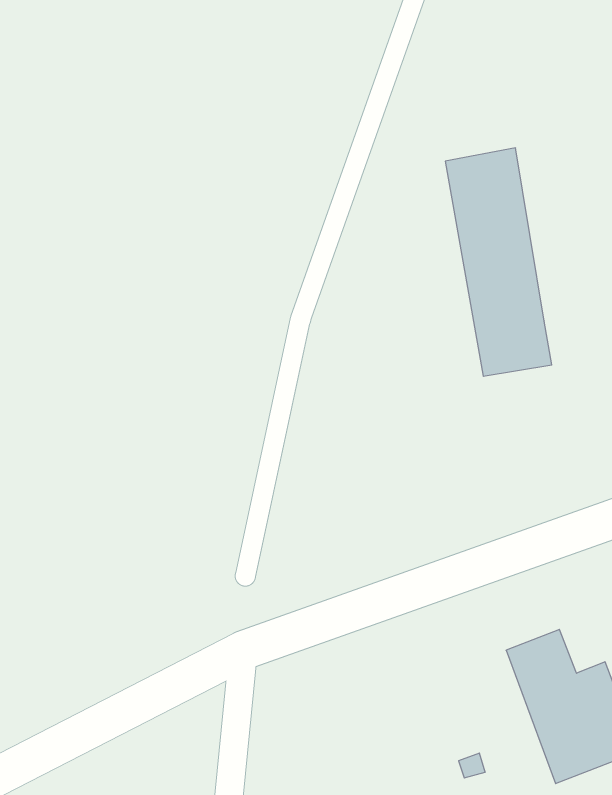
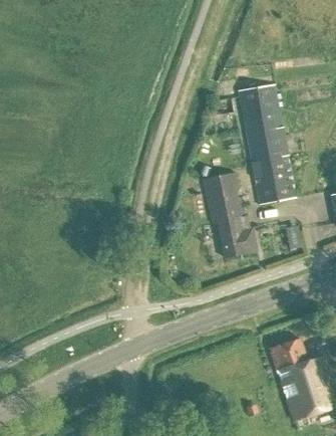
building: none -> [204,174,256,255]

